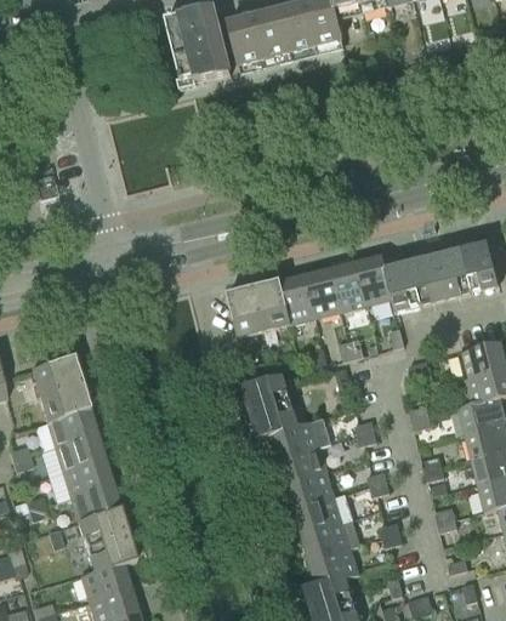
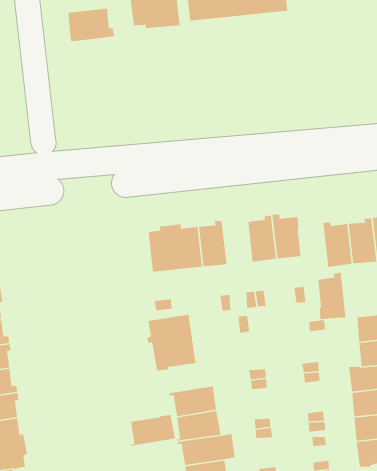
building: none -> [67,8,115,42]
building: [385,257,421,310] -> [317,272,347,320]
building: [303,268,341,317] -> none
building: [269,420,319,460] -> [130,414,176,446]

